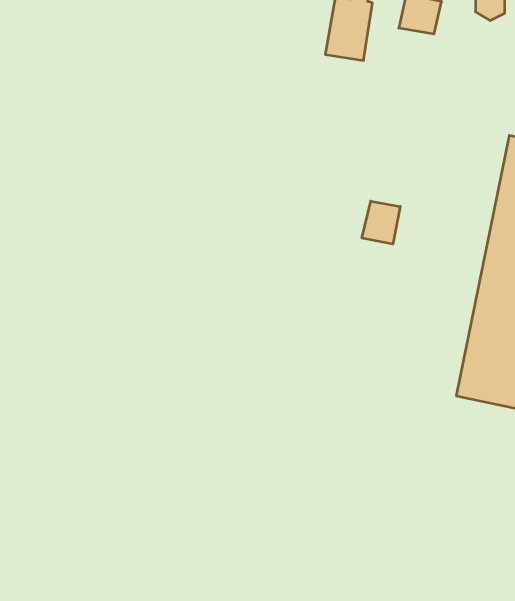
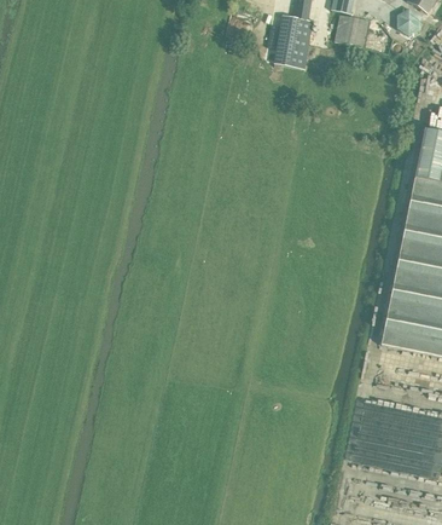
building: [362,201,400,244] -> none

